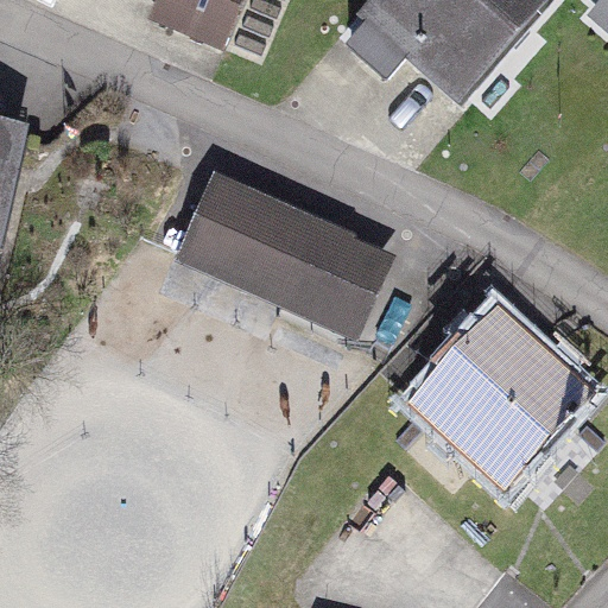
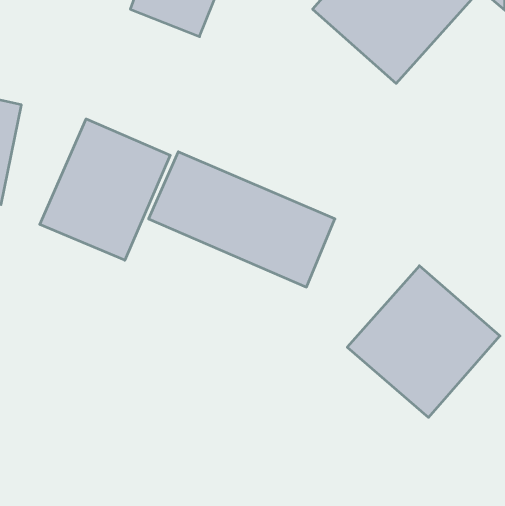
building: none -> [40,119,170,260]

